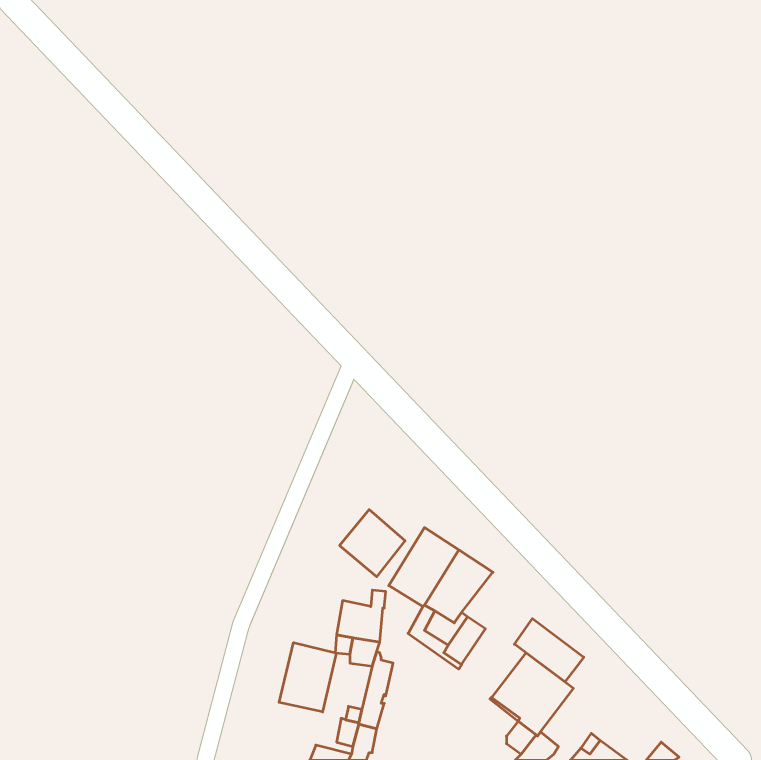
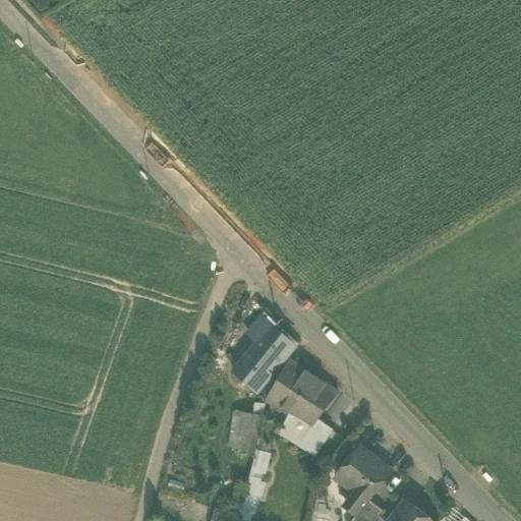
building: none -> [248,312,295,369]
building: [514,619,584,682] -> none
building: [279,643,336,712] -> none

